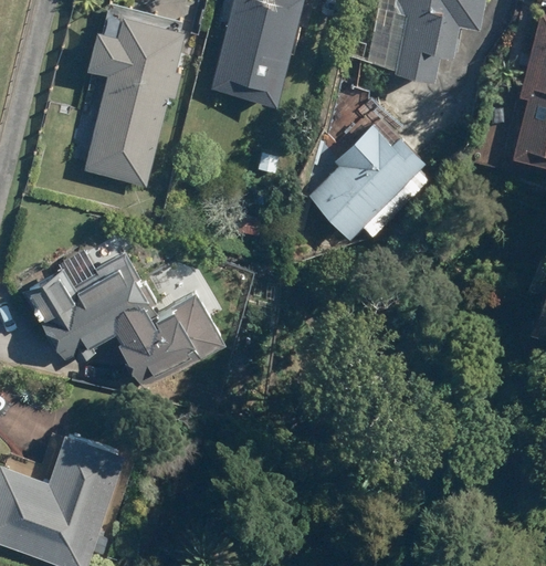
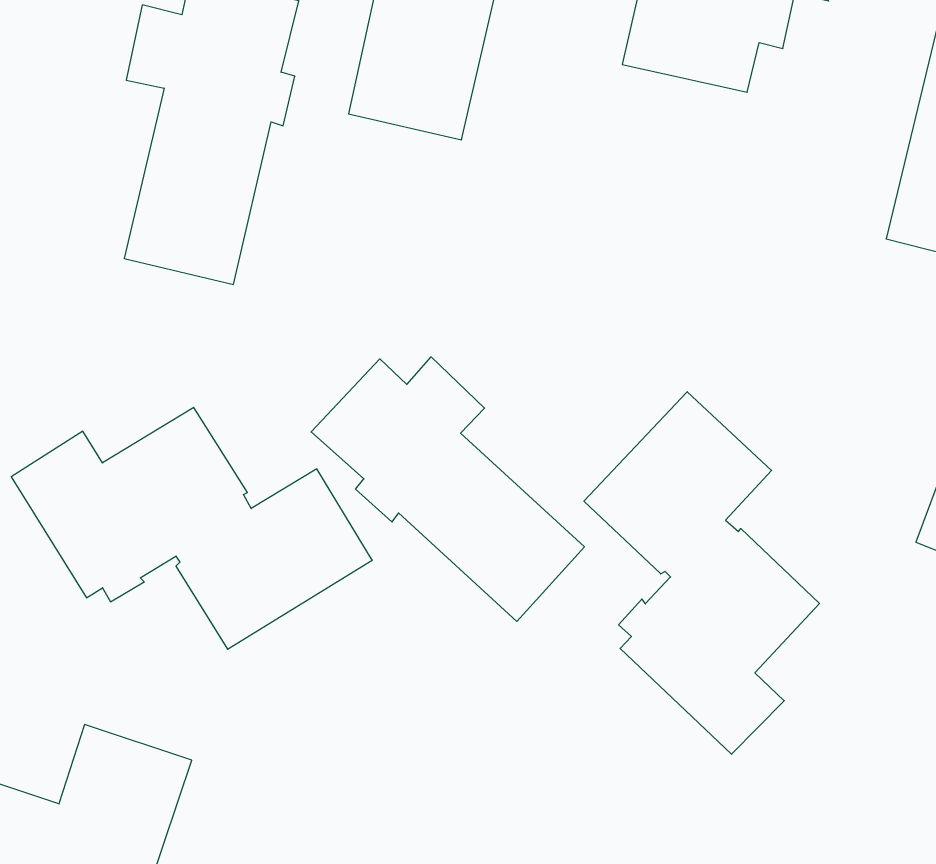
building: [309,125,423,237] -> none
building: none -> [311,357,584,621]
building: none -> [584,392,819,754]

